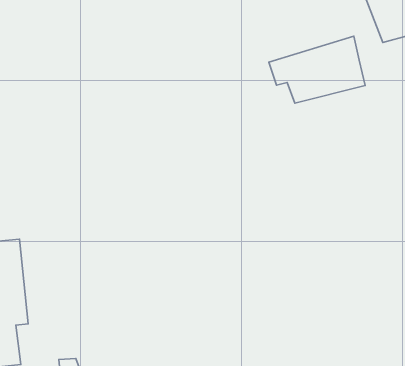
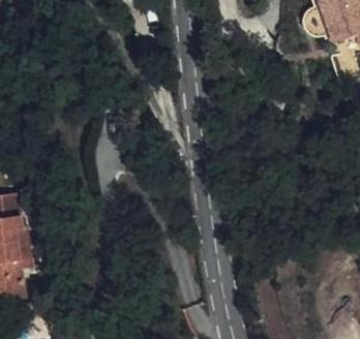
building: [269,36,365,103] -> none

